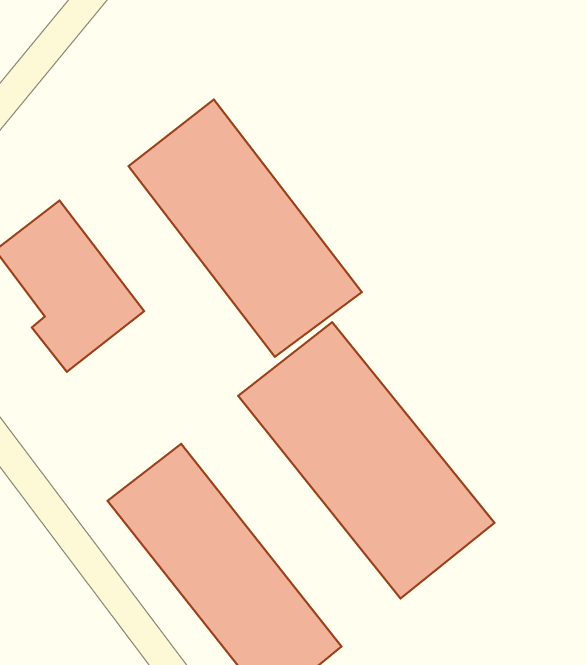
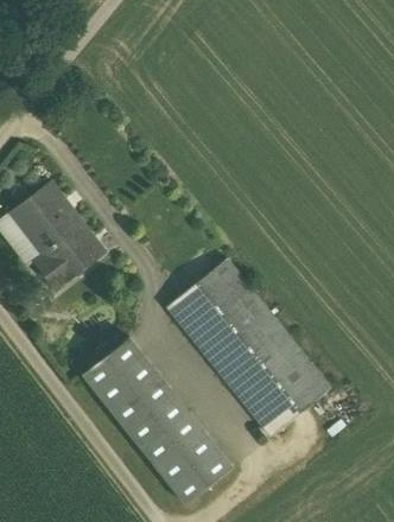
building: [128,100,362,357] -> none

